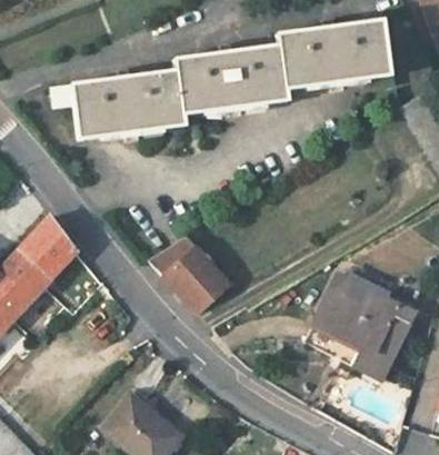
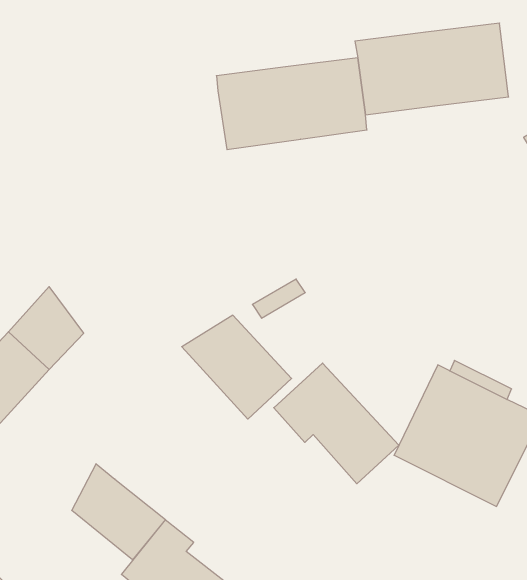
building: [51,70,182,138] -> none
building: none -> [274,363,399,484]
building: none -> [72,464,165,560]

